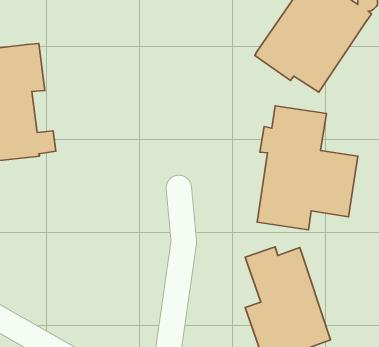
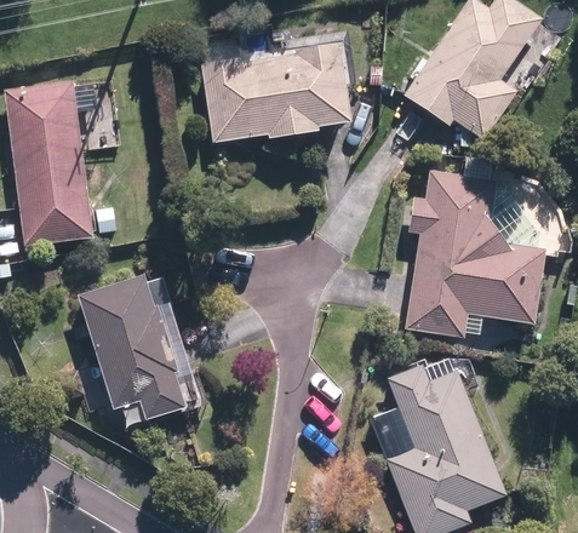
building: none -> [199,22,351,144]
building: none -> [75,270,212,431]

